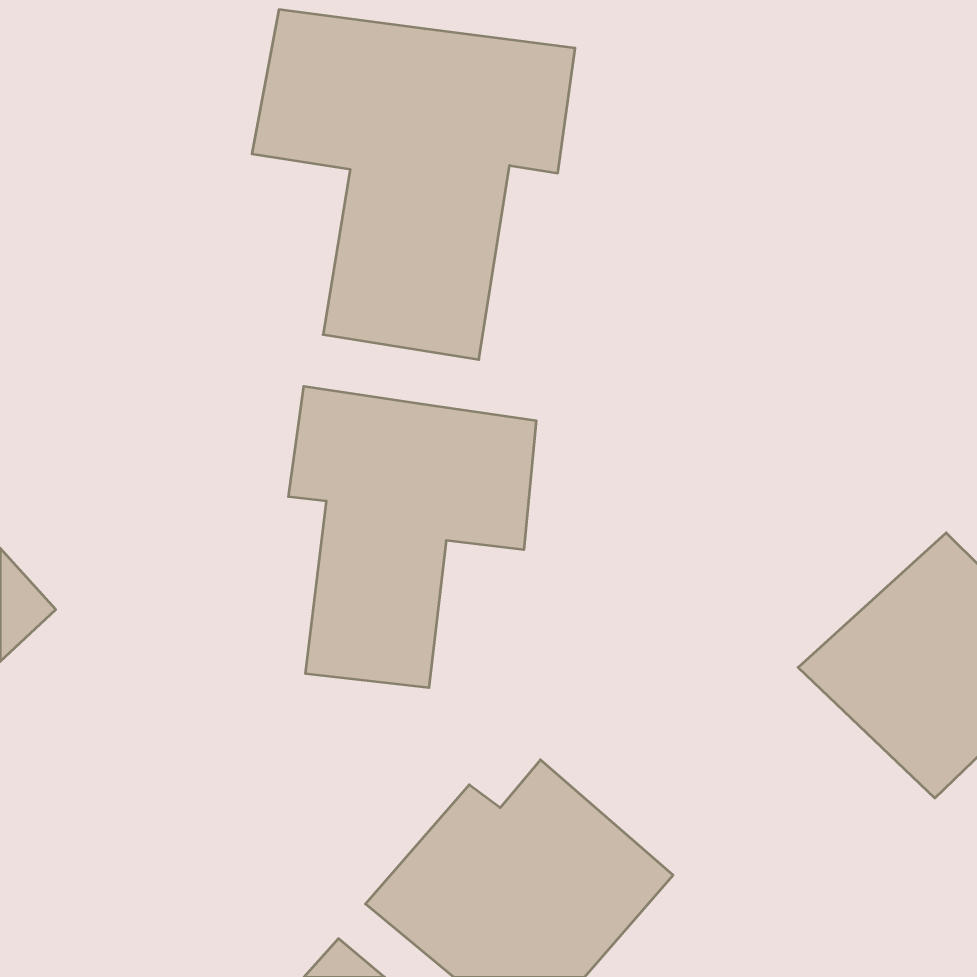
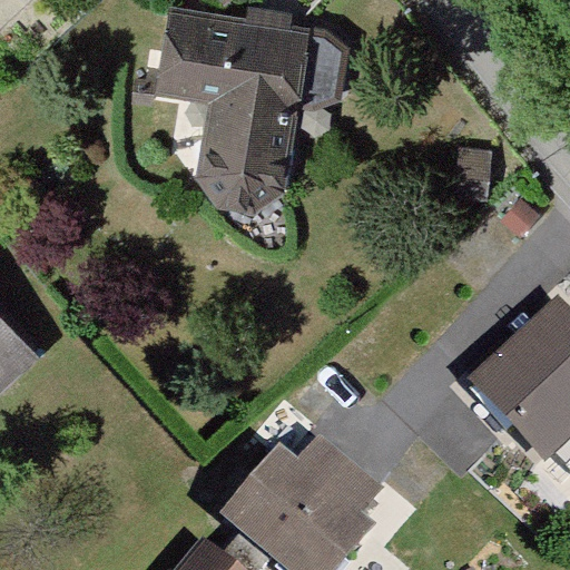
building: [288,386,536,688] -> none

